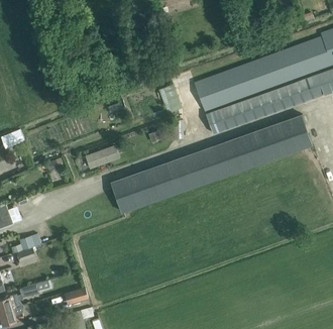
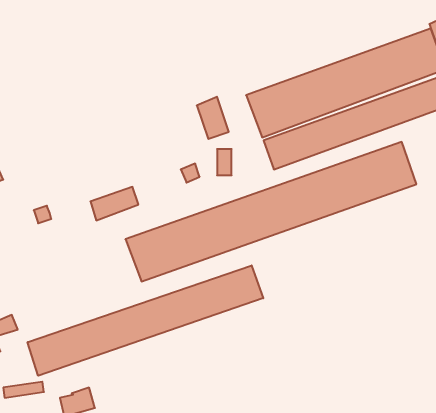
building: none -> [28,265,263,376]

